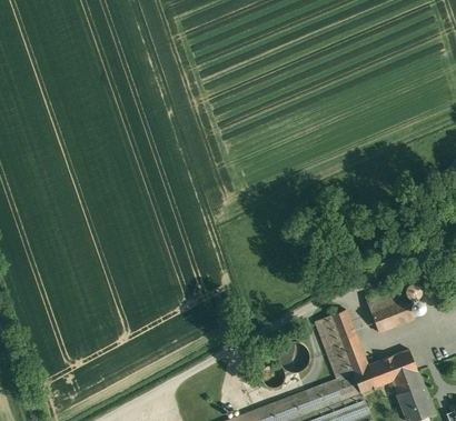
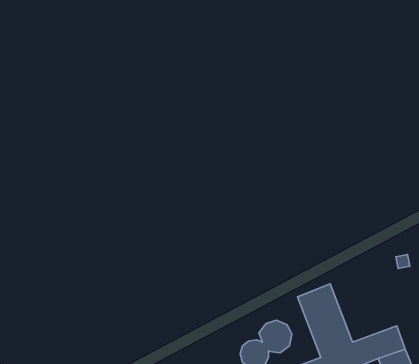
building: [369,297,414,332] -> none

